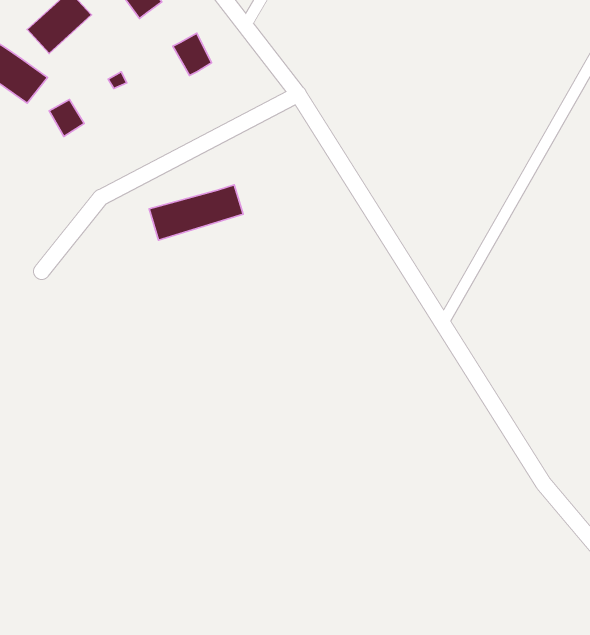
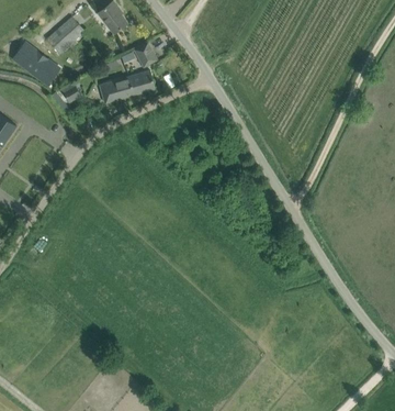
building: [149,185,243,240] -> [99,70,155,103]

